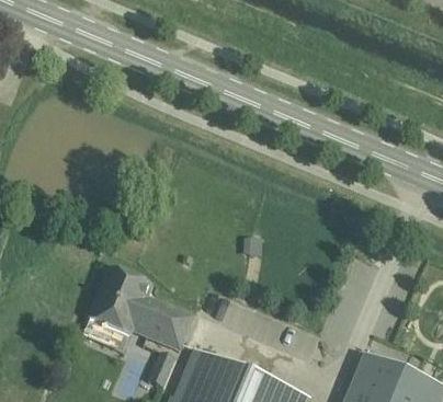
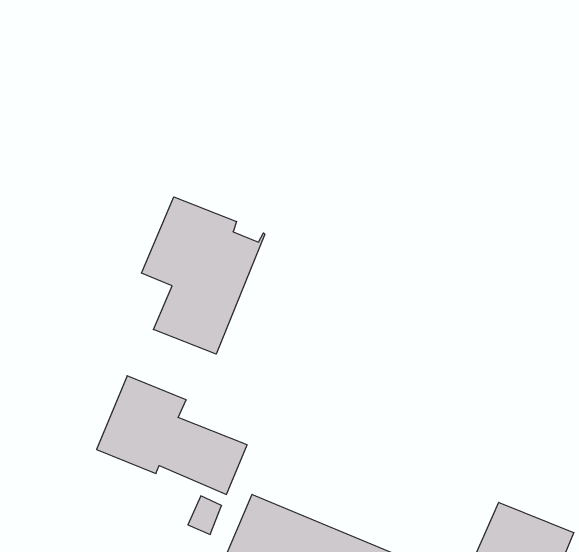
building: none -> [141,197,265,354]

